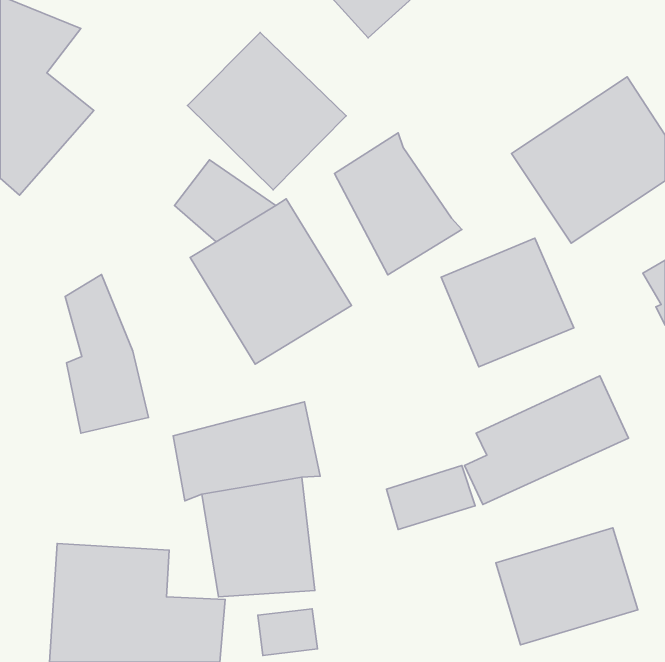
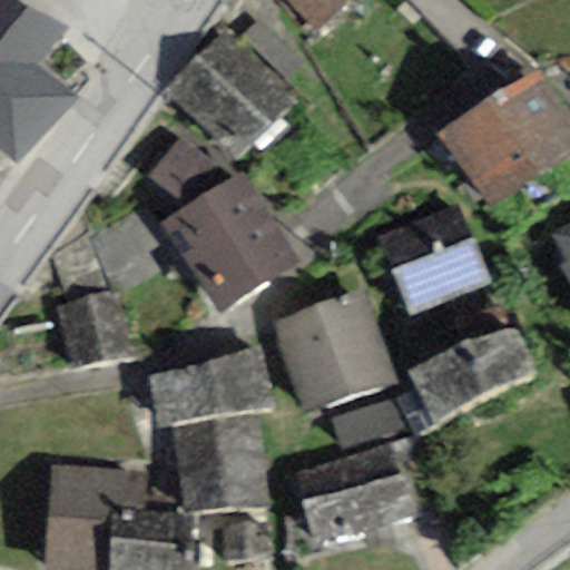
building: [334,133,462,275] -> none
building: none -> [273,289,397,416]
building: [496,528,638,645] -> [293,443,414,543]

